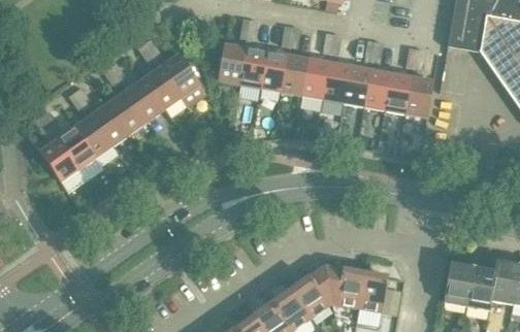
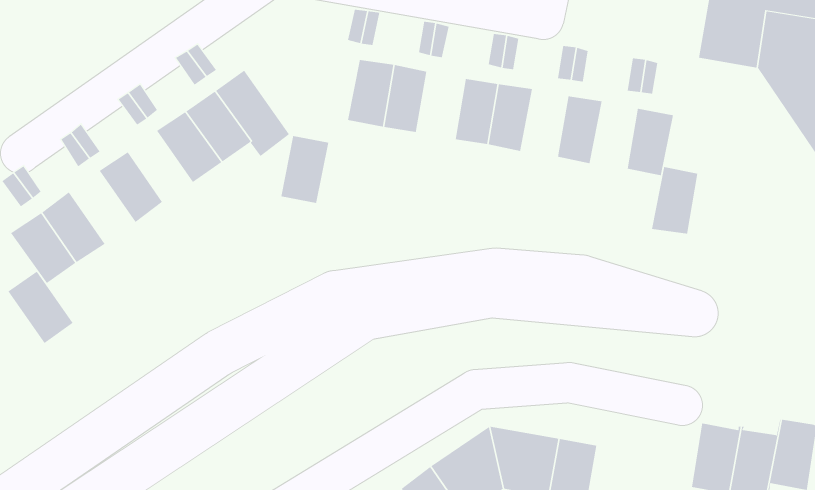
building: [218,43,247,84] -> [280,136,329,203]
building: [281,55,310,95] -> none
building: [343,65,370,105] -> none
building: [384,72,412,112] -> [651,166,698,234]
building: [109,90,148,132] -> none
building: [74,113,113,157] -> [8,271,74,344]

